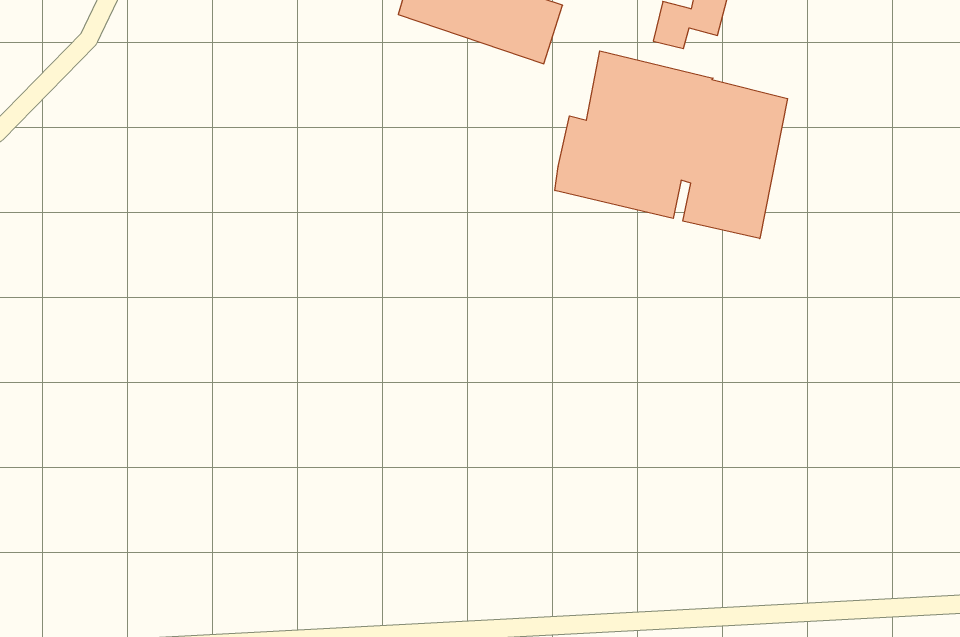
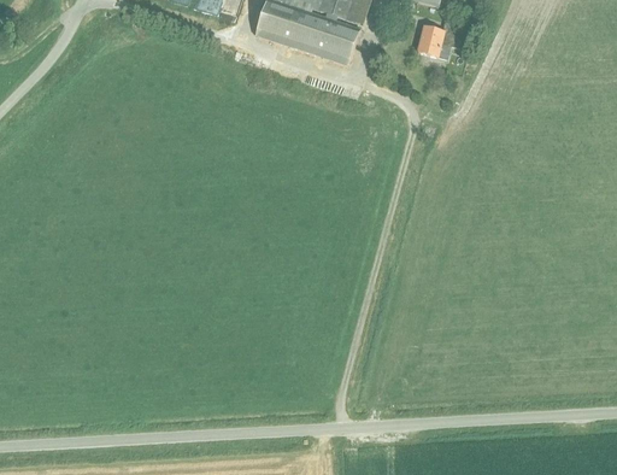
building: [555,51,788,239] -> none

